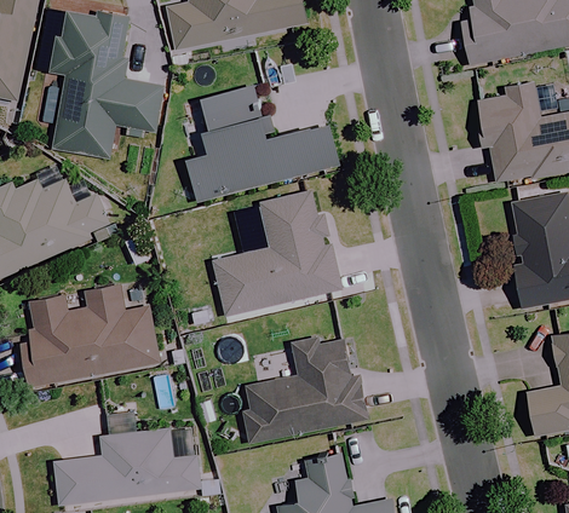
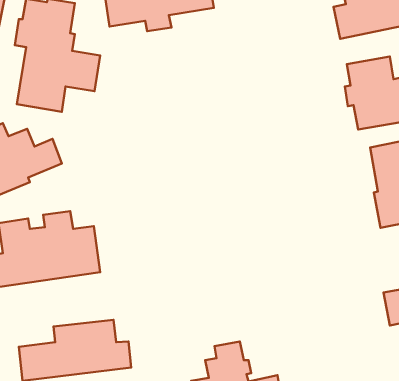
building: [188,87,339,200] -> none
building: [212,190,340,313] -> none
building: [242,335,367,442] -> none

